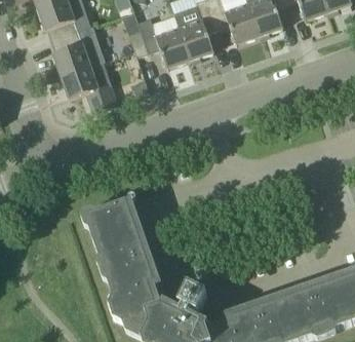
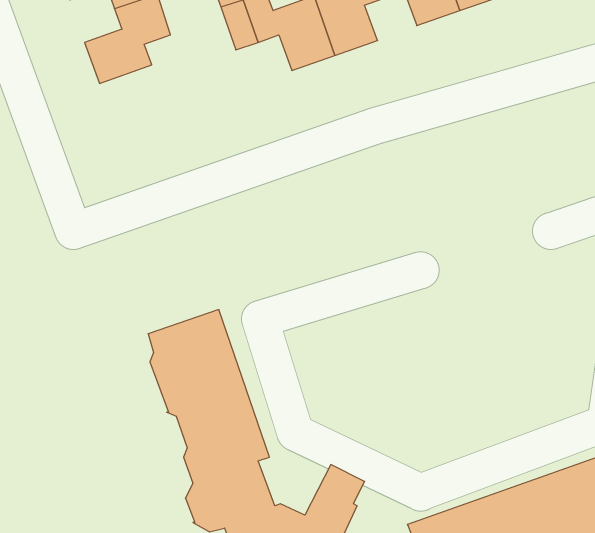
building: [62,61,117,111] -> none

